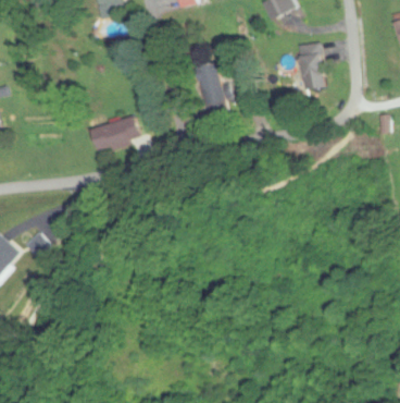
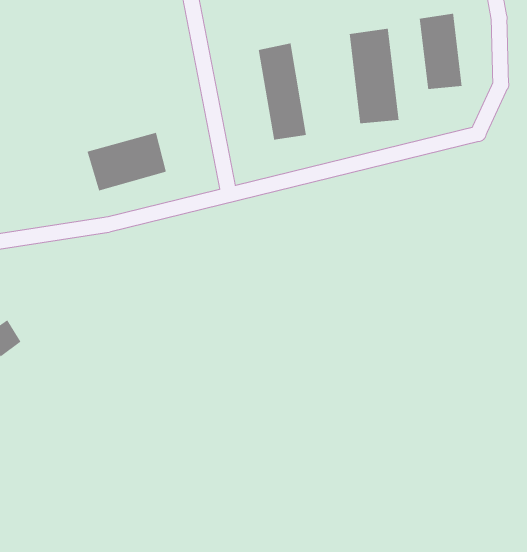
building: none -> [349,28,400,124]

